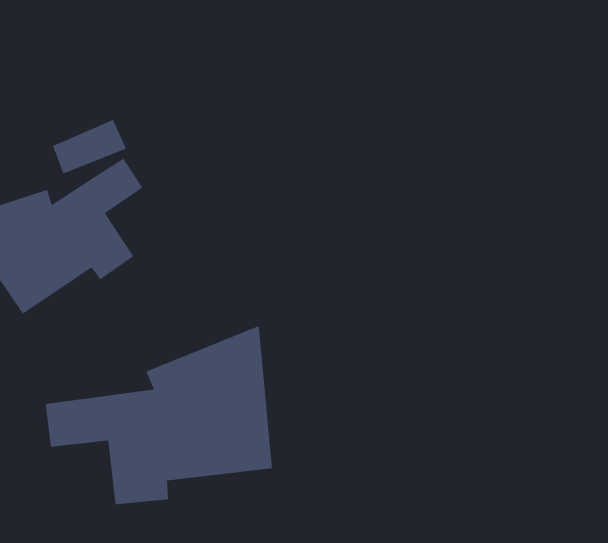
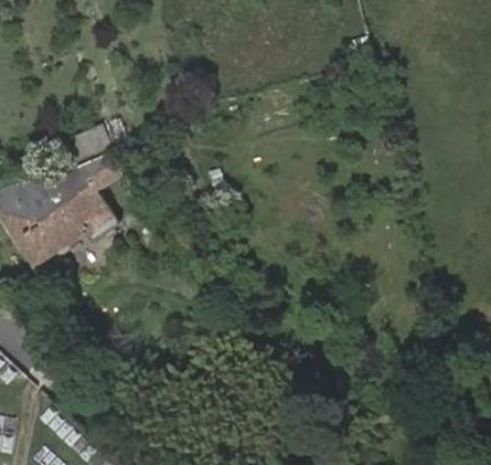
building: [45,325,273,505] -> none

